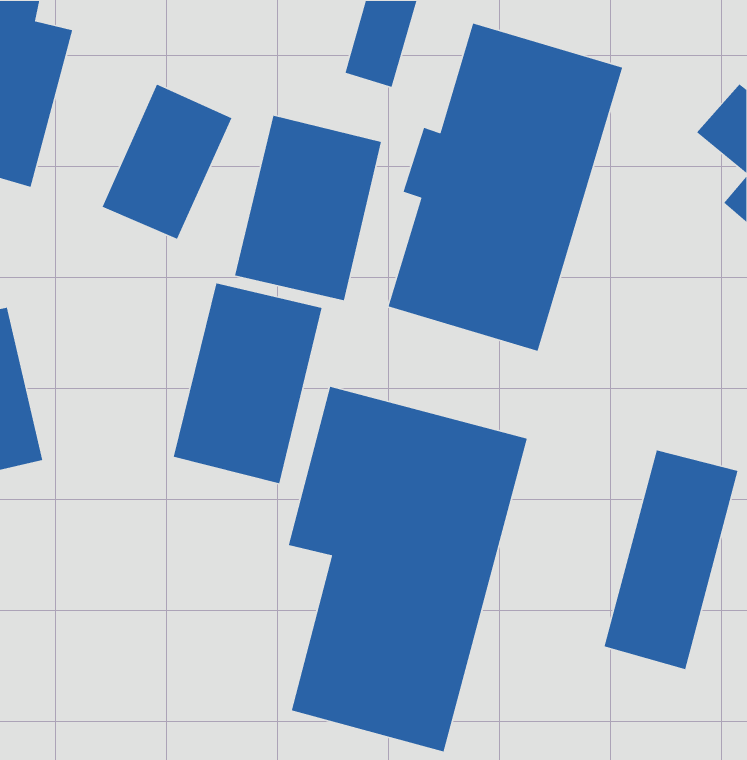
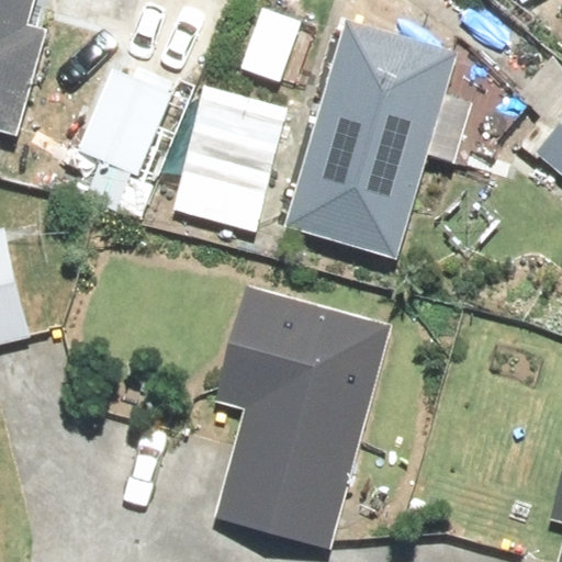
building: [173,283,323,484] -> none
building: [604,450,738,670] -> none

